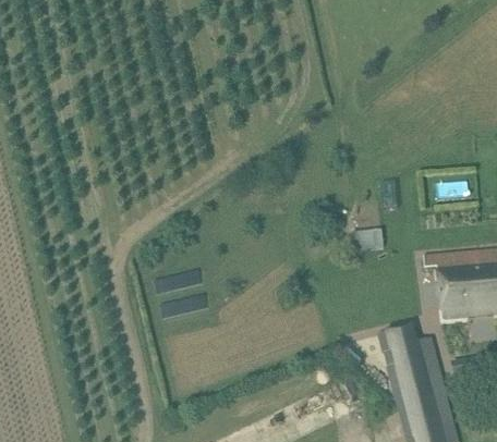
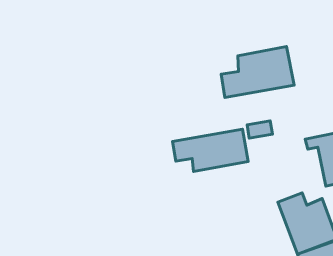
building: none -> [221,46,294,97]
building: none -> [172,129,248,171]

